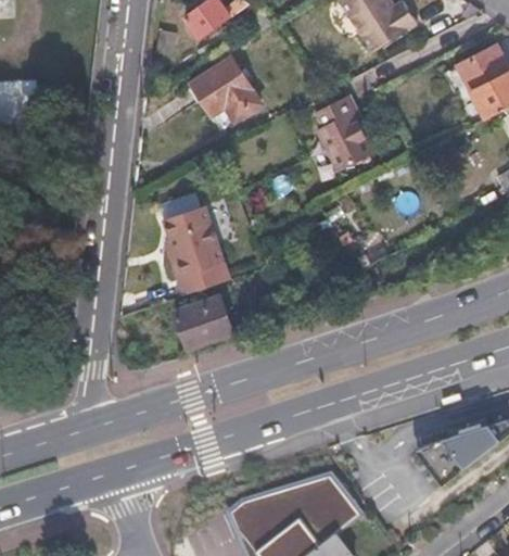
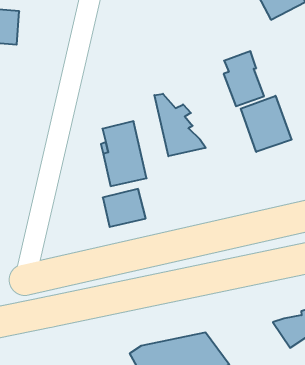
building: [189,54,264,122] -> none
building: none -> [241,96,292,152]
building: none -> [154,94,206,156]

